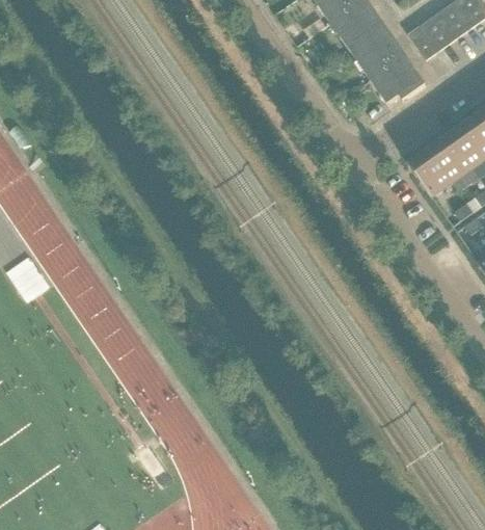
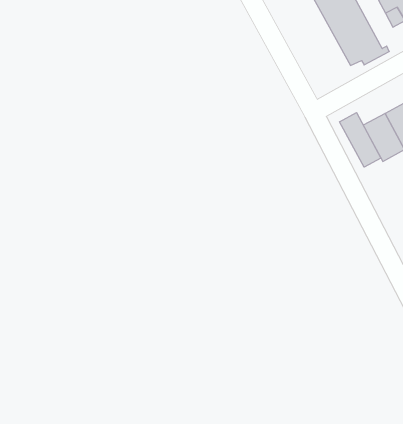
building: none -> [340,113,381,167]

